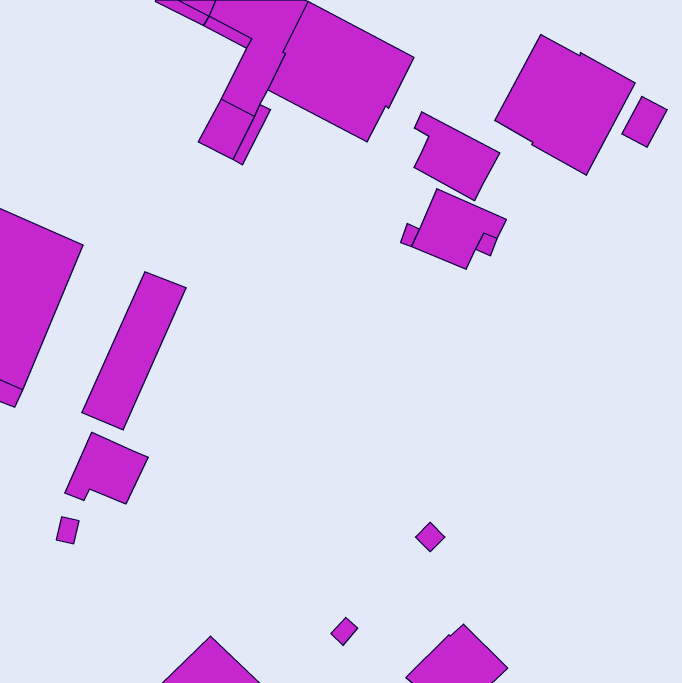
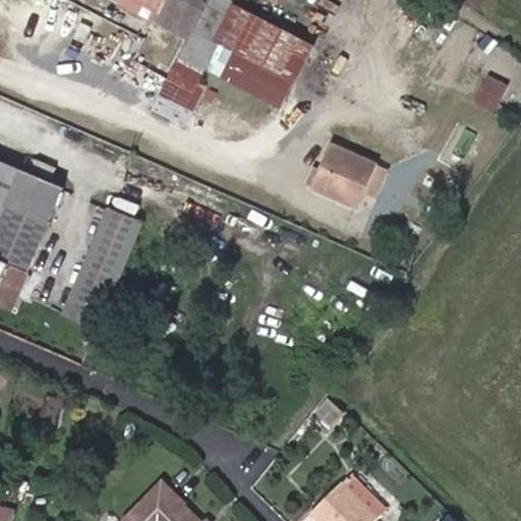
building: [495,34,635,175] -> none
building: [414,112,500,201] -> none
building: [65,432,148,504] -> none

